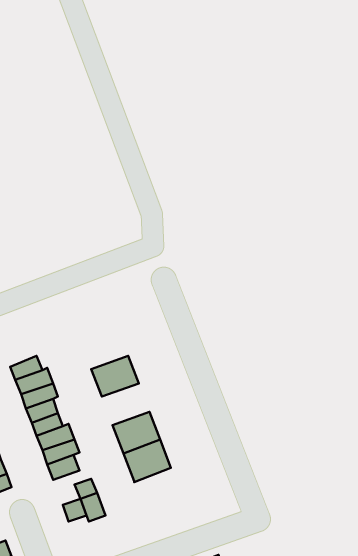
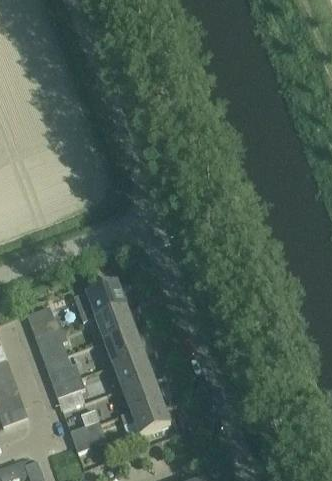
building: none -> [81,281,126,317]
building: none -> [104,329,144,364]
building: none -> [120,400,171,436]

